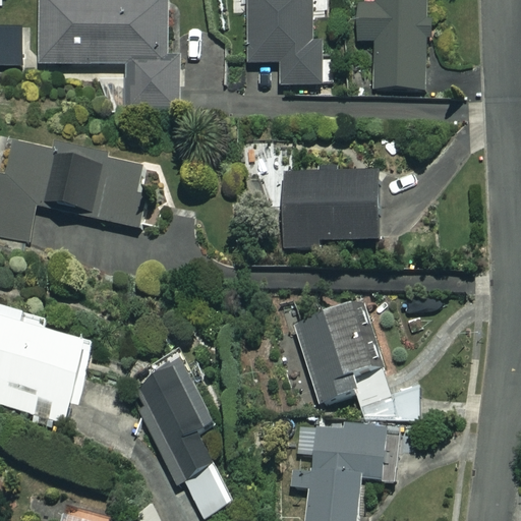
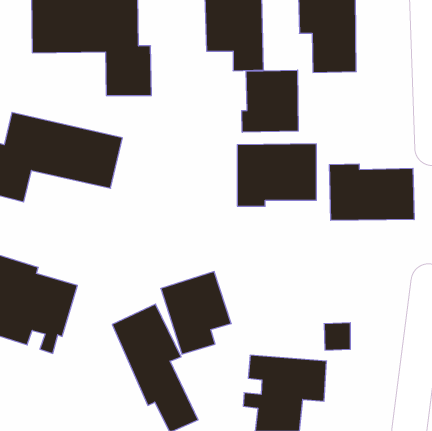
building: none -> [242,70,298,132]
building: none -> [329,164,414,220]
building: [293,304,378,403] -> [161,272,231,354]

